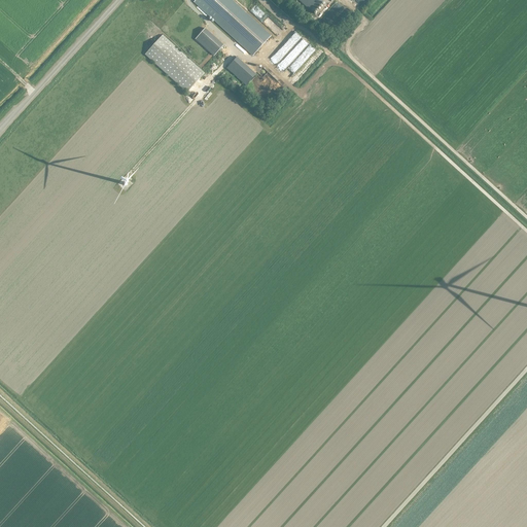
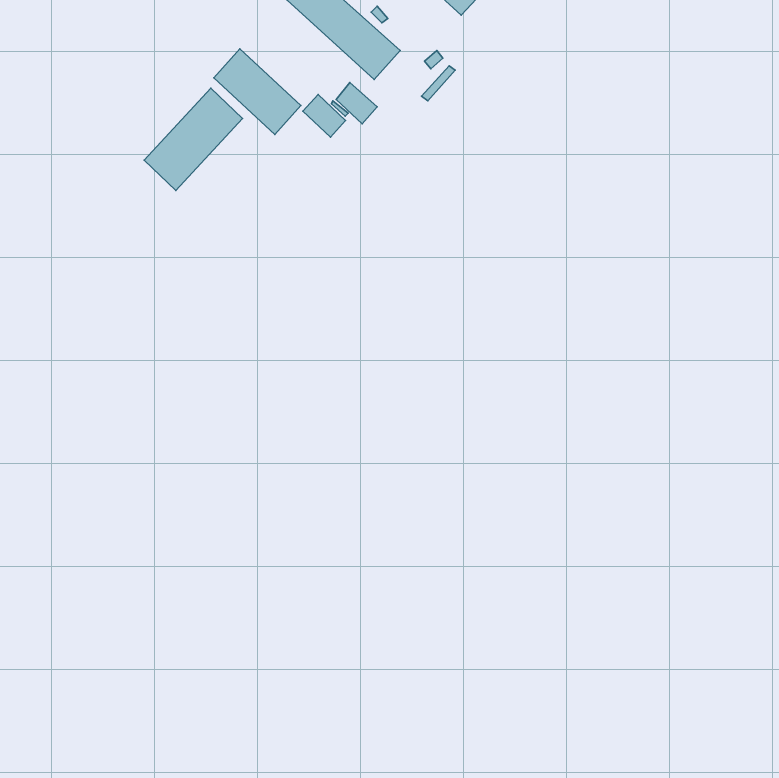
building: [194,26,222,55] -> [303,94,346,137]
building: none -> [144,88,242,191]

